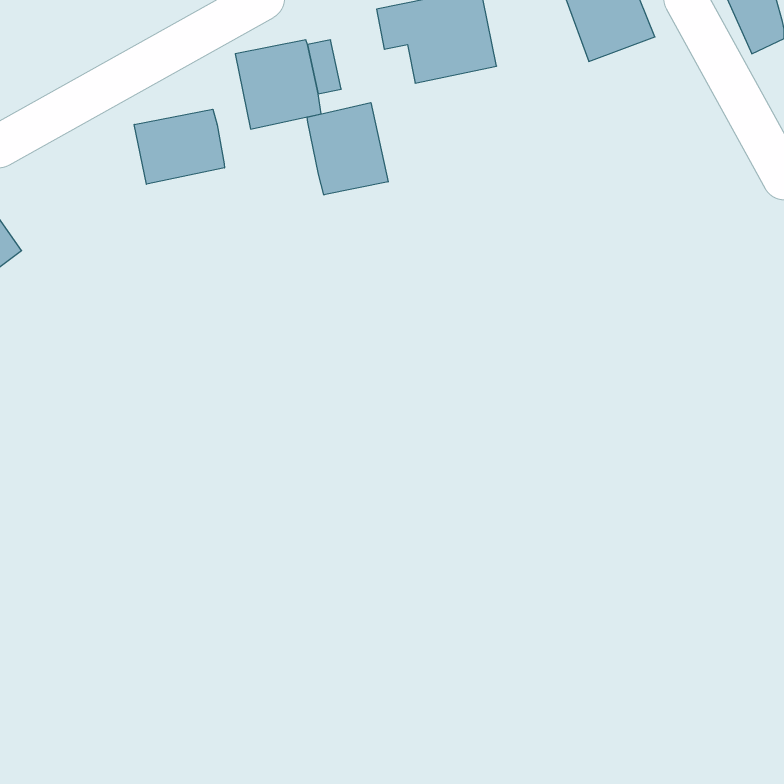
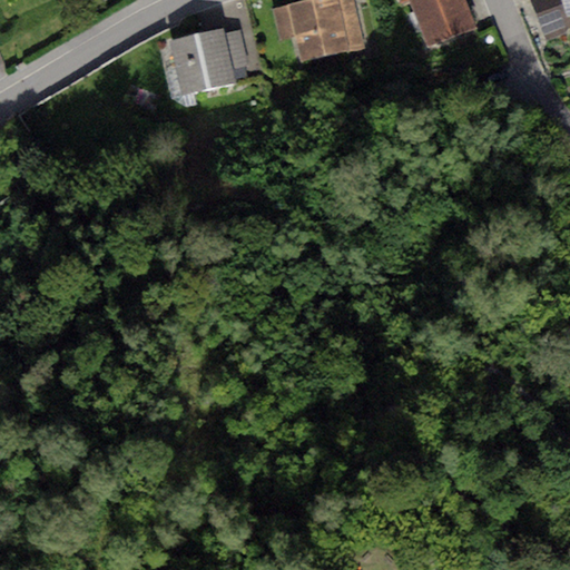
building: [307,103,388,195] -> none
building: [134,109,224,184] -> none

